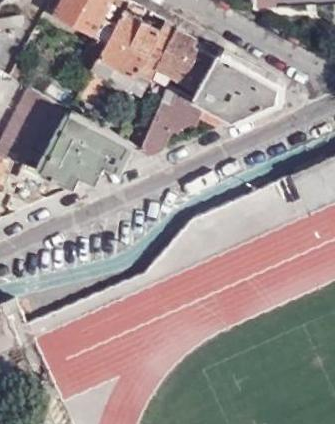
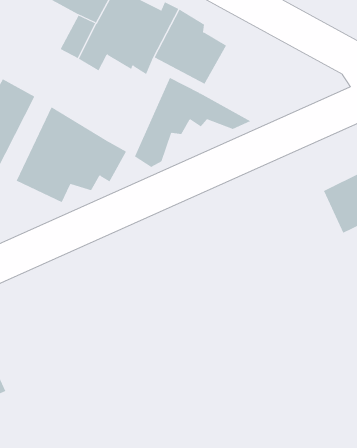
building: [190,55,277,123] -> none

